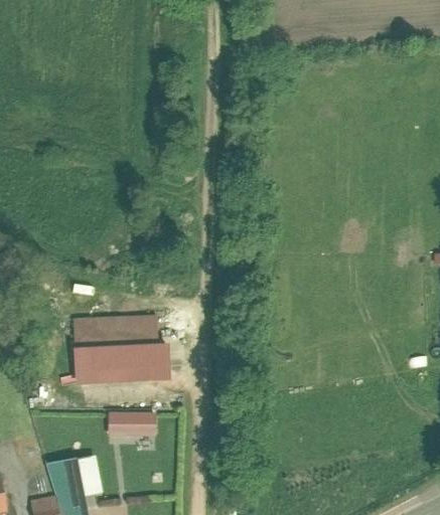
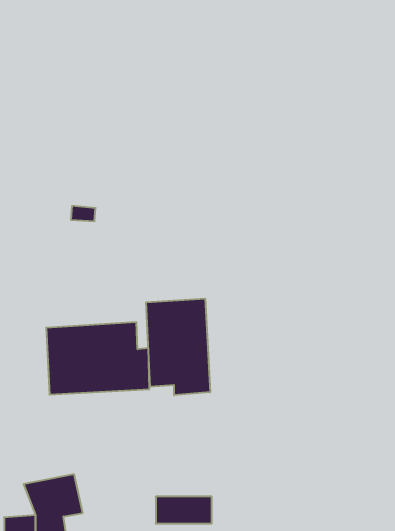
building: none -> [146,299,210,395]
building: [103,414,155,440] -> [156,497,212,524]

